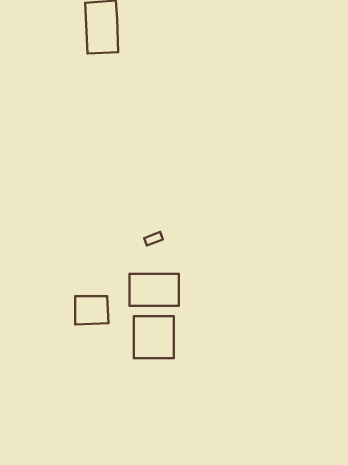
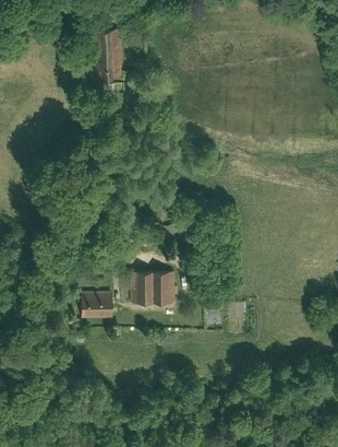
building: [134,316,174,358] -> none

